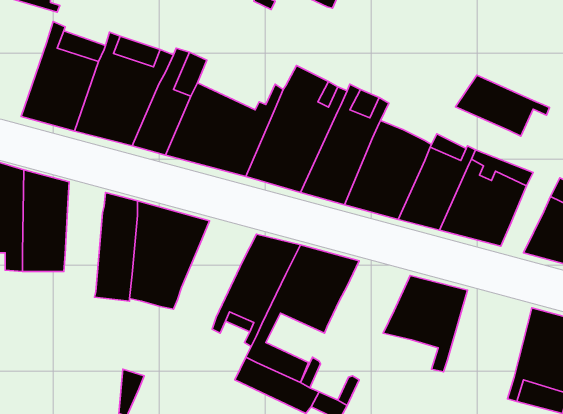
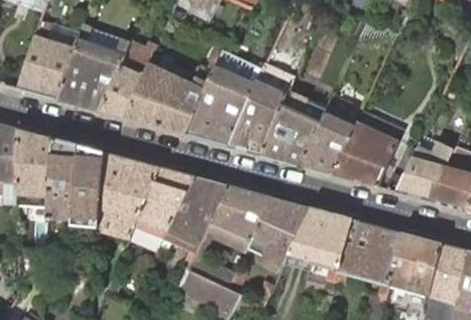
building: [456,75,549,136] -> none
building: none -> [48,139,81,225]
building: none -> [135,168,195,241]
building: none -> [248,198,311,271]
building: none -> [336,220,402,302]

